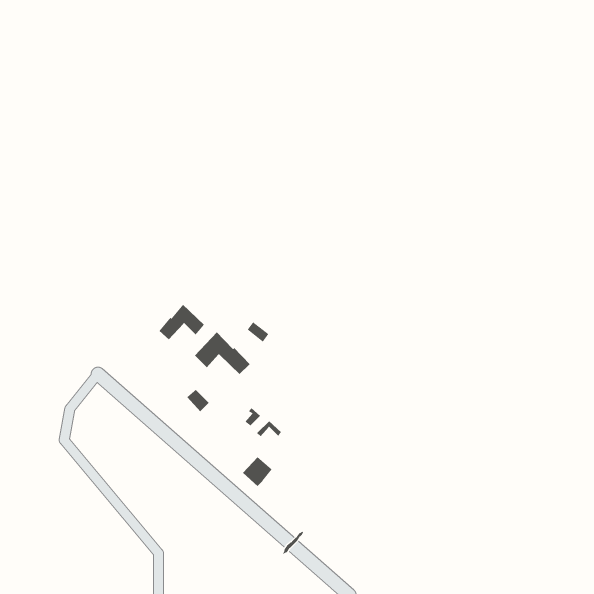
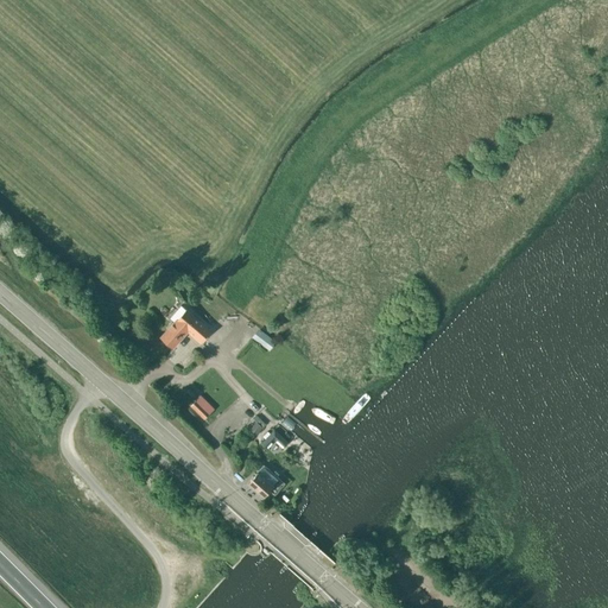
building: [194,331,250,375] -> none

